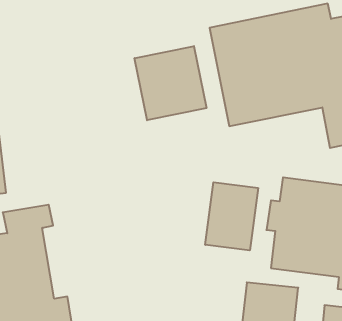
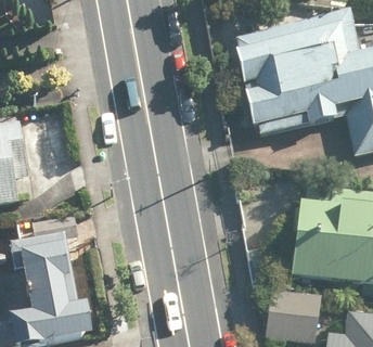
building: [135,46,206,120] -> none
building: [205,182,258,250] -> none

